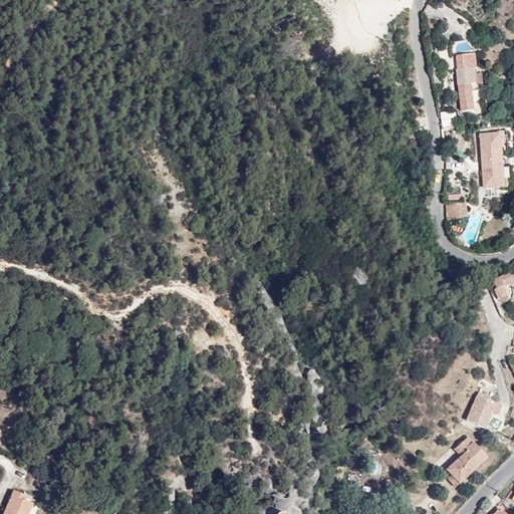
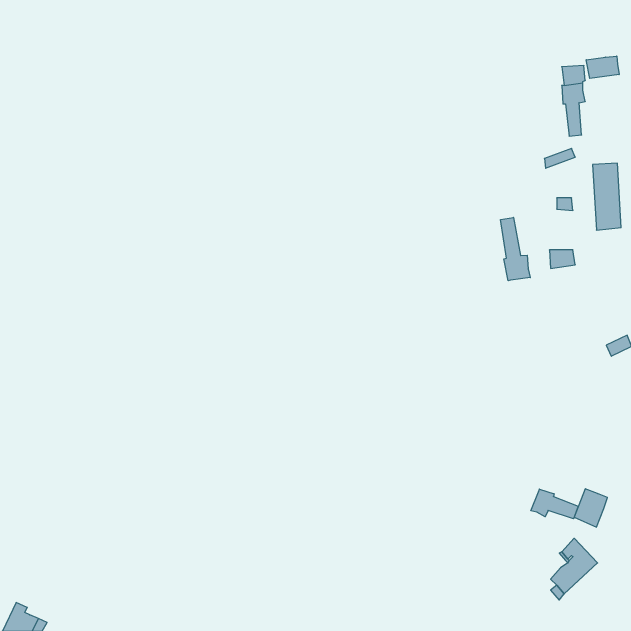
building: none -> [586,56,619,78]
building: none -> [501,217,530,281]
building: none -> [531,489,578,519]

